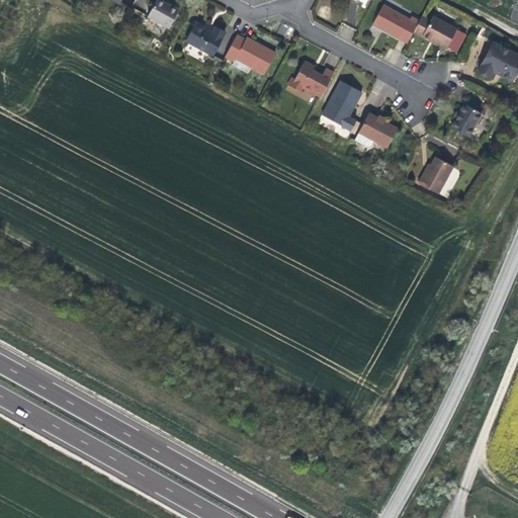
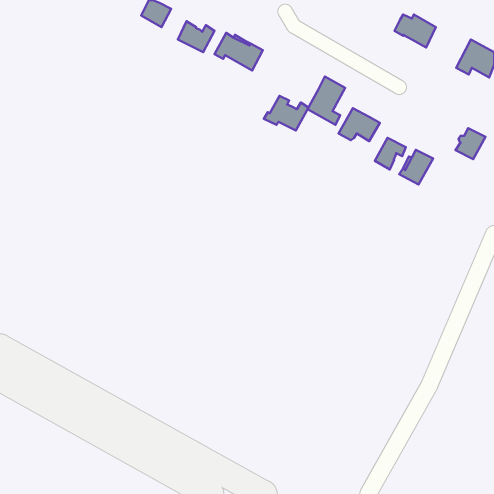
building: [372,4,419,42] -> none
building: [287,61,334,97] -> [264,96,308,131]
building: [450,104,482,137] -> [456,128,486,159]
building: none -> [375,138,406,169]

